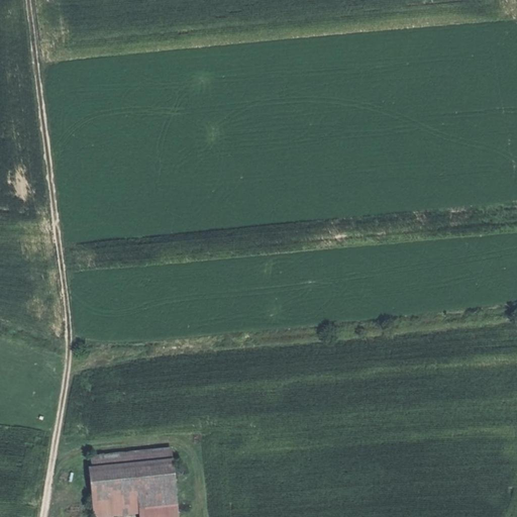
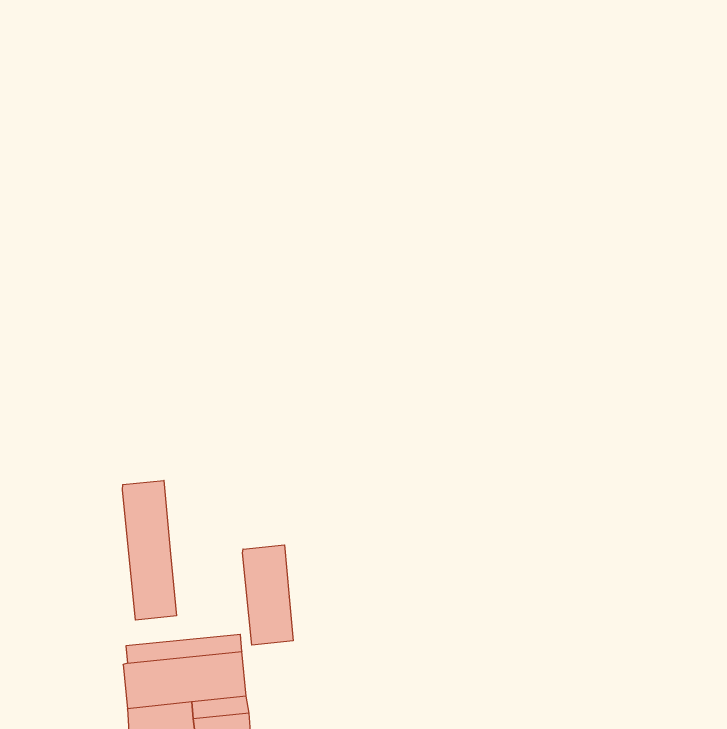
building: none -> [122,480,176,620]
building: none -> [242,545,293,645]

